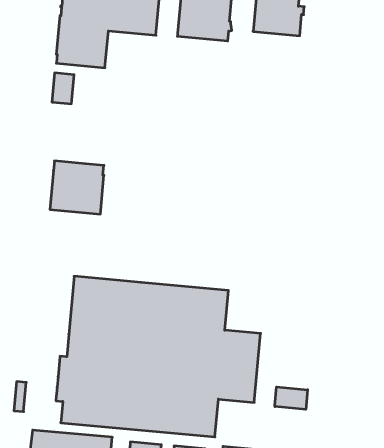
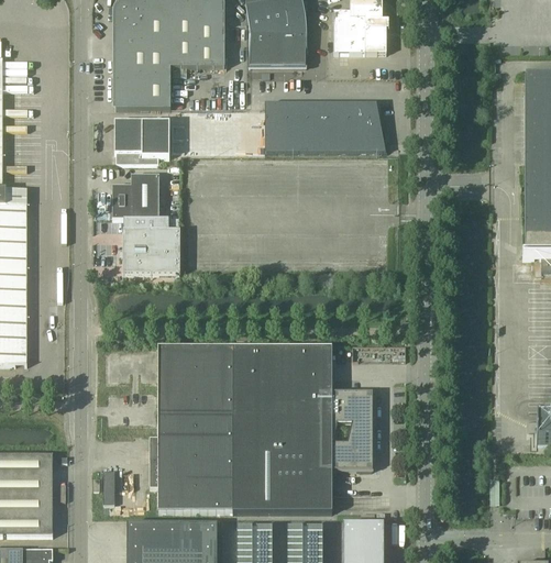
building: none -> [265,101,388,151]
building: none -> [115,119,169,163]
building: none -> [112,174,158,218]
building: [275,387,308,409] -> none

